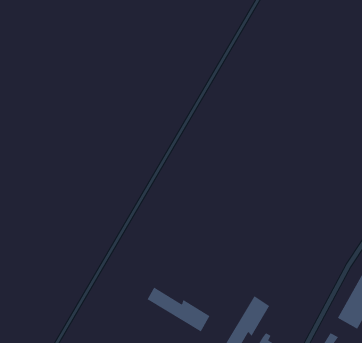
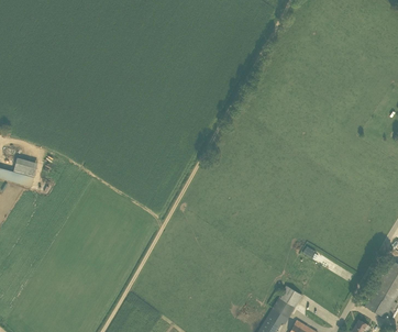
building: [146,287,211,333] -> none

